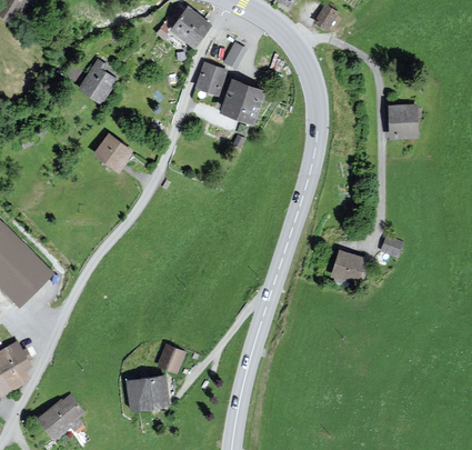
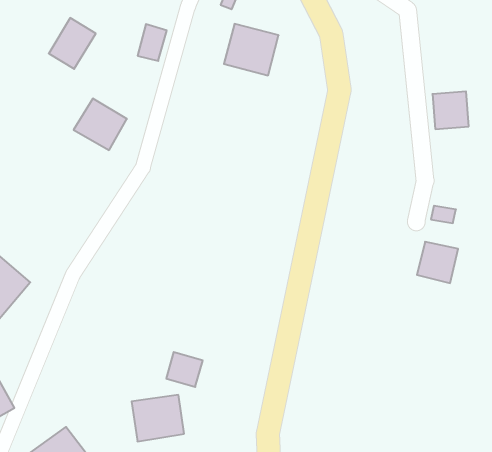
building: [201,61,227,92] -> [138,24,167,61]
building: [392,106,420,134] -> [432,91,469,129]
building: [333,249,369,284] -> [417,242,458,283]

